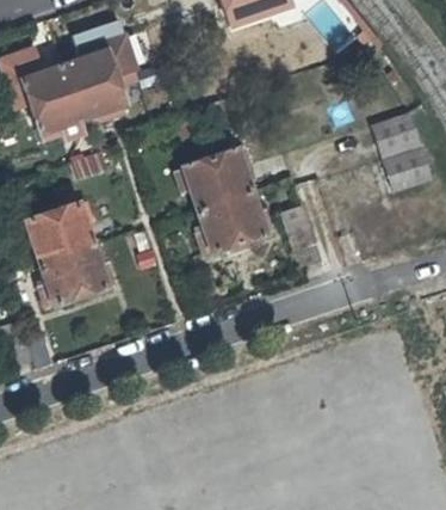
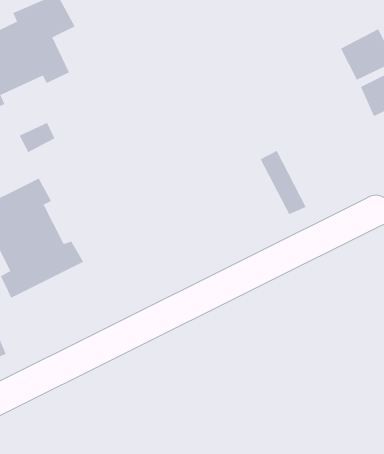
building: [176,147,272,253] -> none

